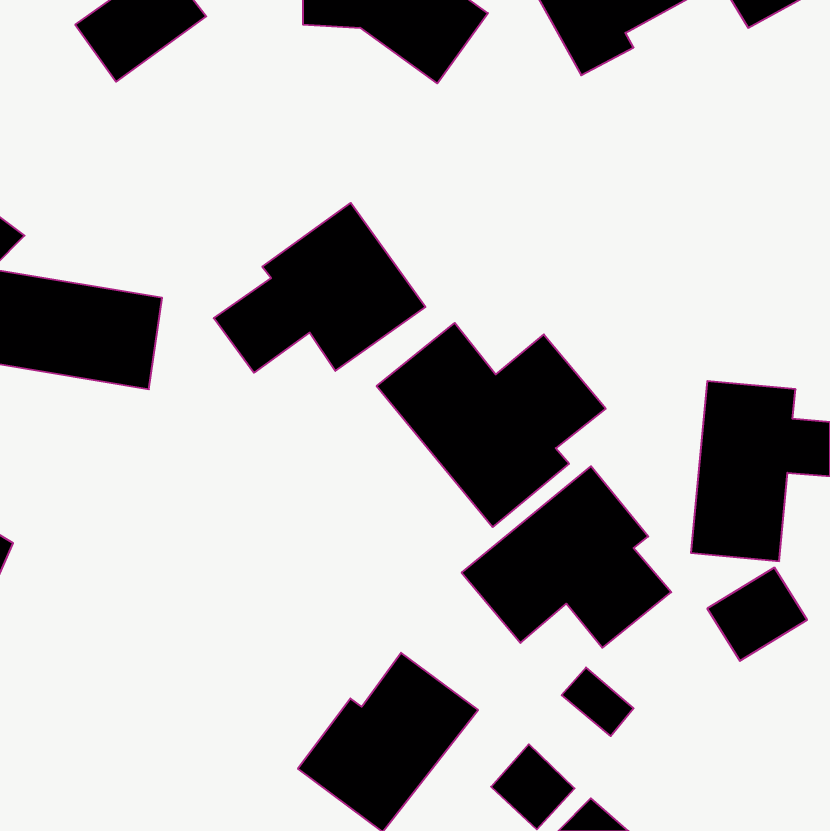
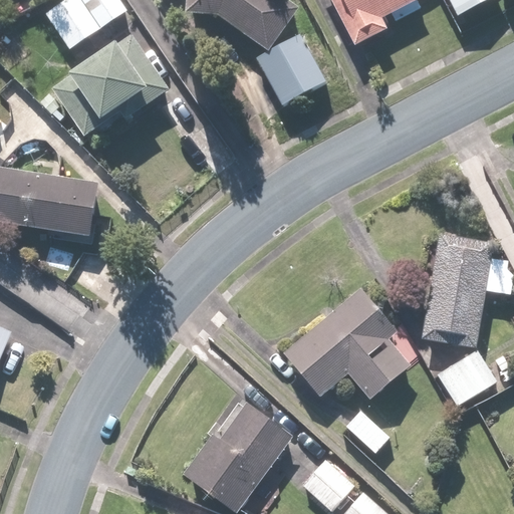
building: none -> [255,33,327,107]
building: none -> [53,34,172,137]
building: [214,203,425,373] -> none
building: [377,323,606,527] -> none

